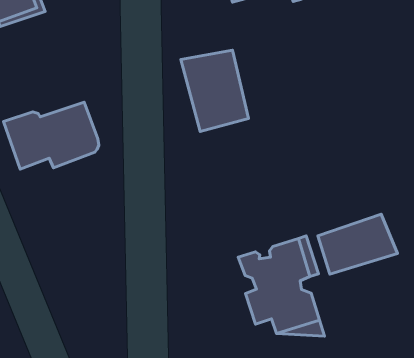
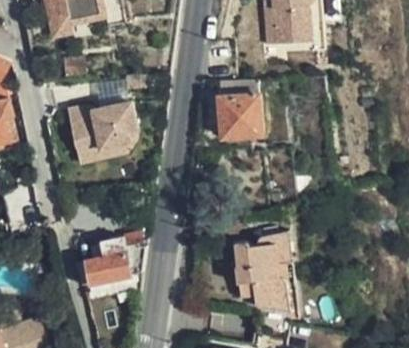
building: [318,214,397,274] -> none
building: none -> [74,238,144,286]

